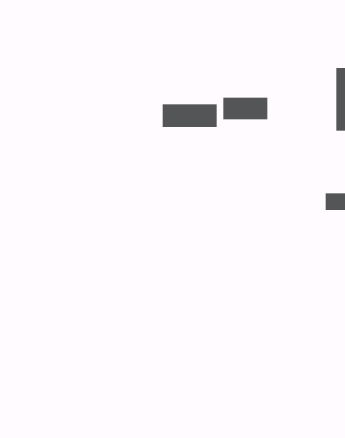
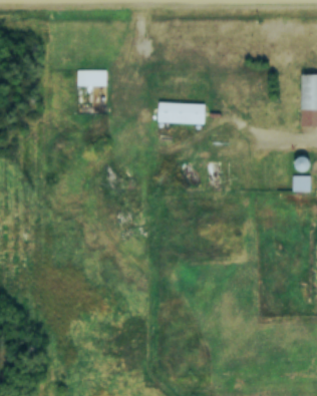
building: none -> [77,69,107,86]
building: [222,97,268,120] -> none

